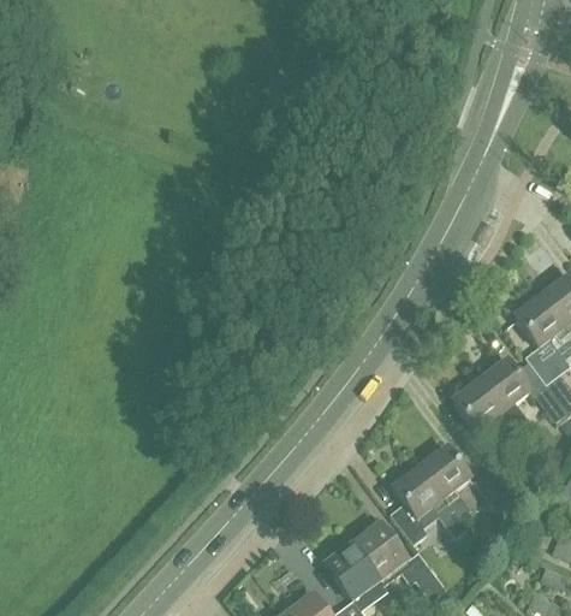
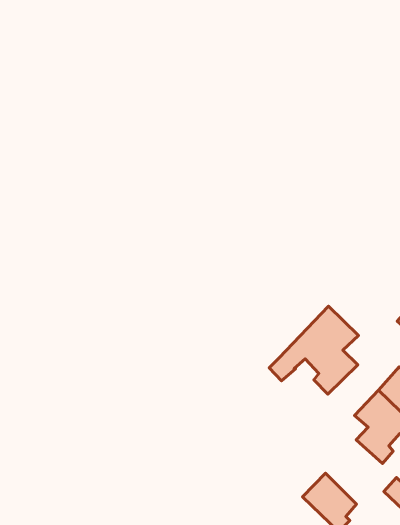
building: none -> [269,306,359,394]
building: [353,519,412,579] -> none

